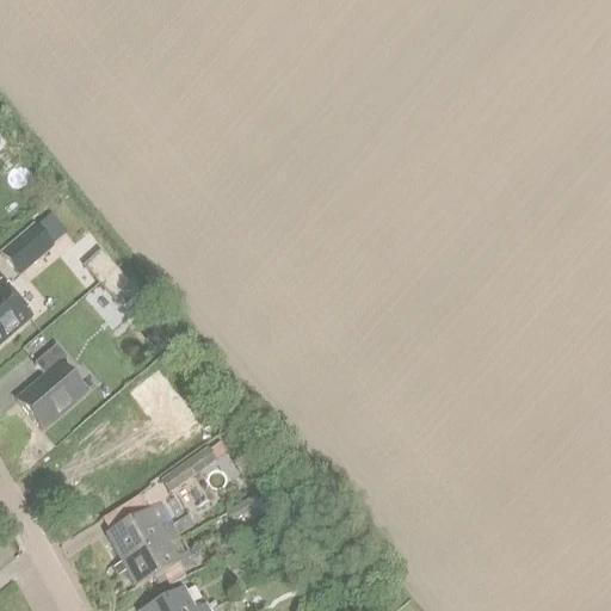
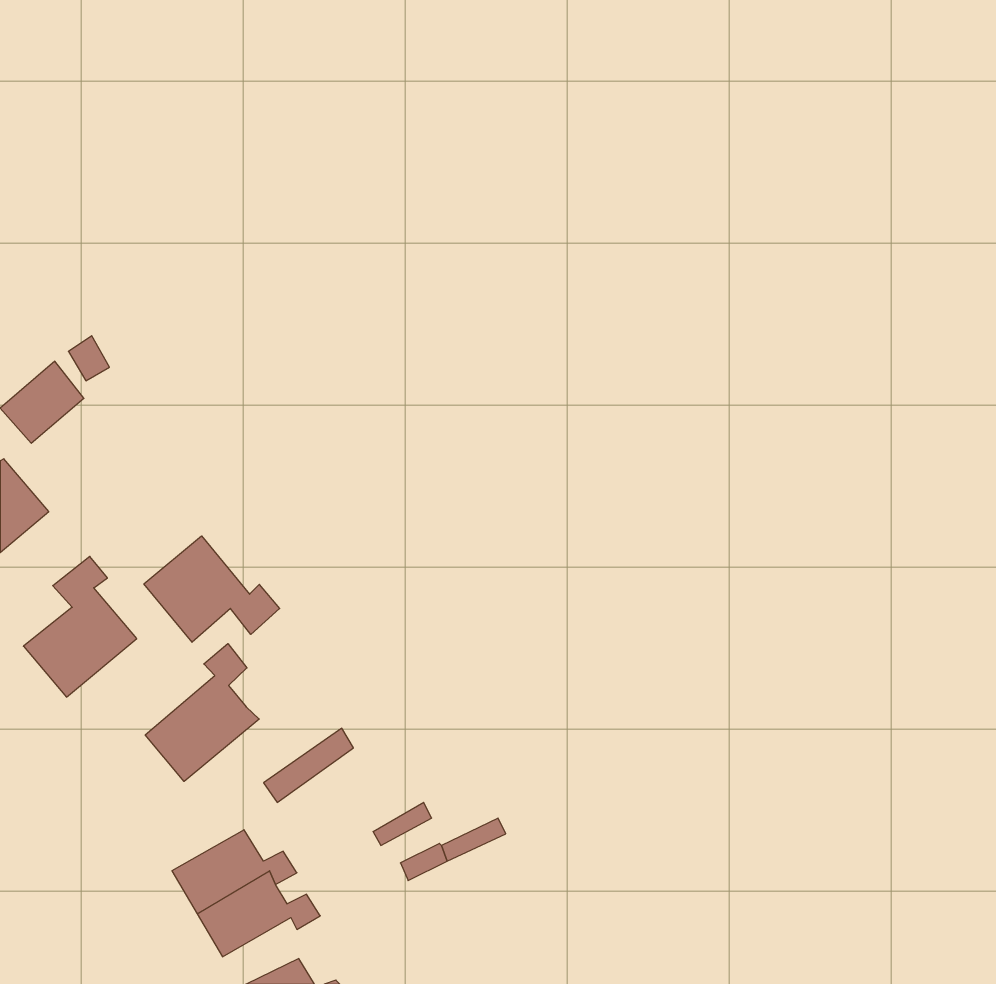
building: none -> [144,536,280,642]
building: none -> [145,644,259,781]

